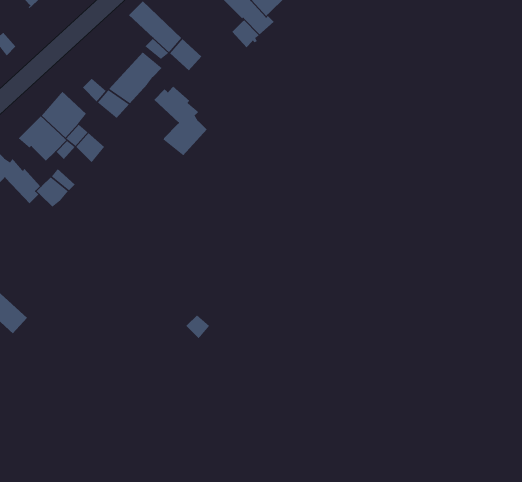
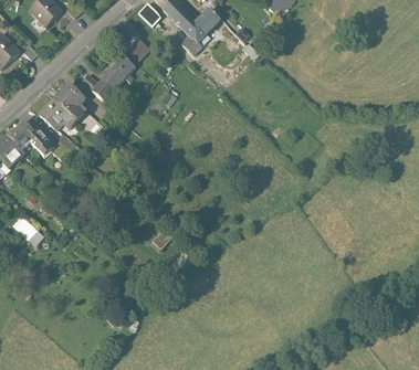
building: [153,86,208,156] -> none

